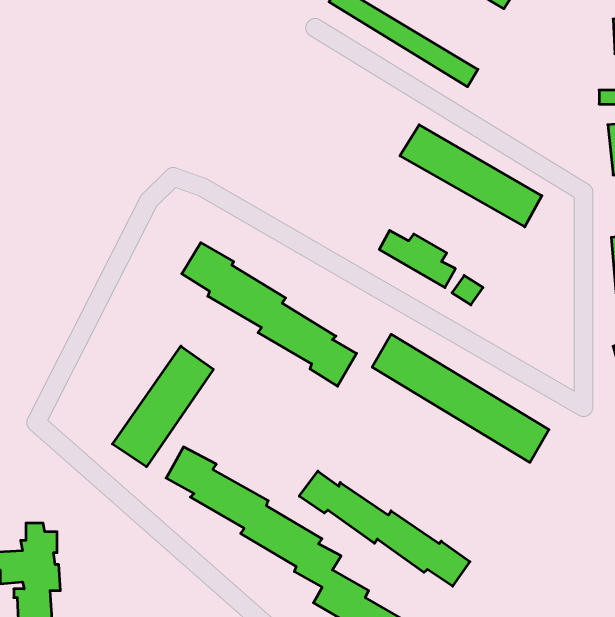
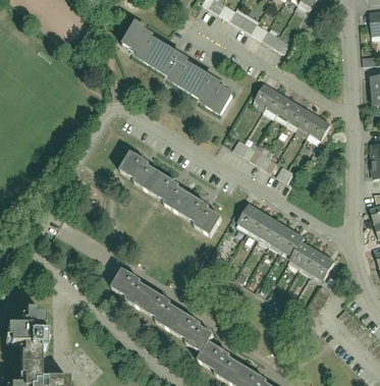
building: none -> [119,21,234,114]
building: [112,346,213,467] -> none
building: [299,471,470,586] -> none

